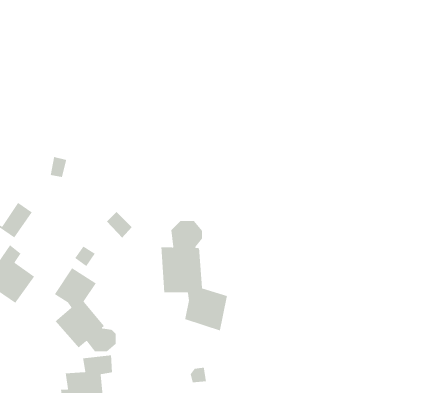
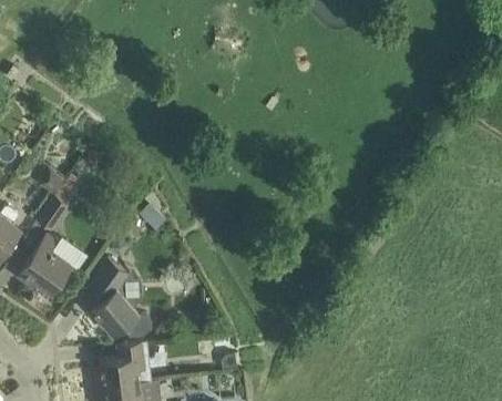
building: [160,220,228,331] -> none

